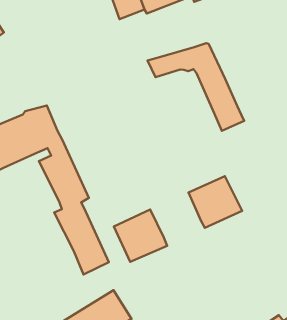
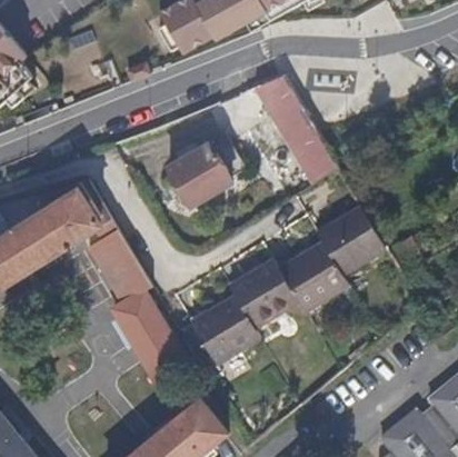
building: none -> [155,146,232,212]
building: none -> [319,206,388,274]
building: none -> [230,258,301,327]

